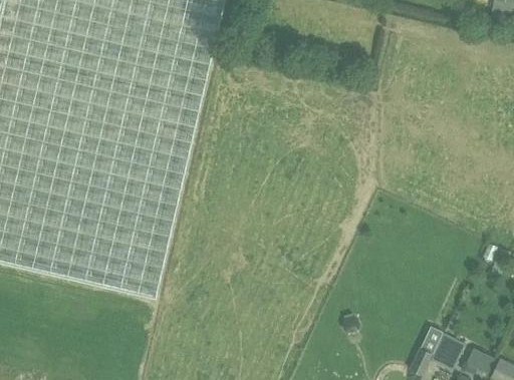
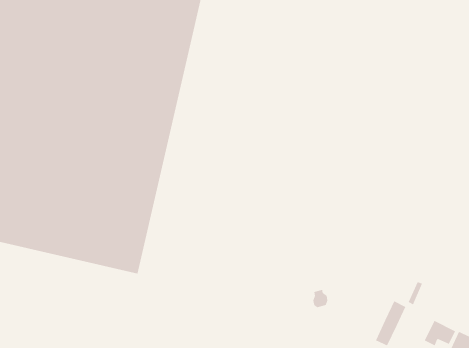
building: [431,333,465,369] -> none

